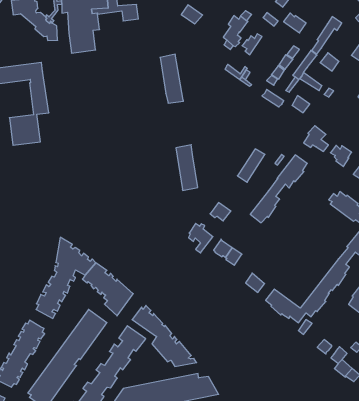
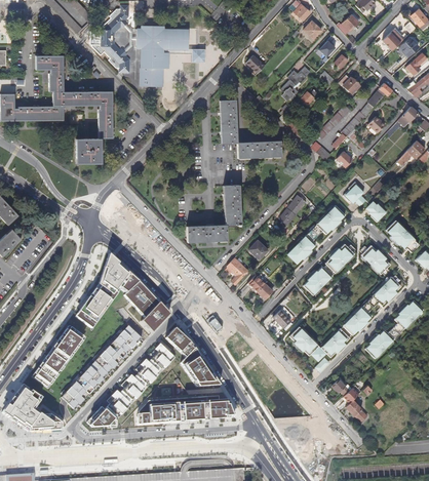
building: none -> [237,141,281,157]
building: none -> [186,225,227,241]
building: none -> [303,244,355,295]

